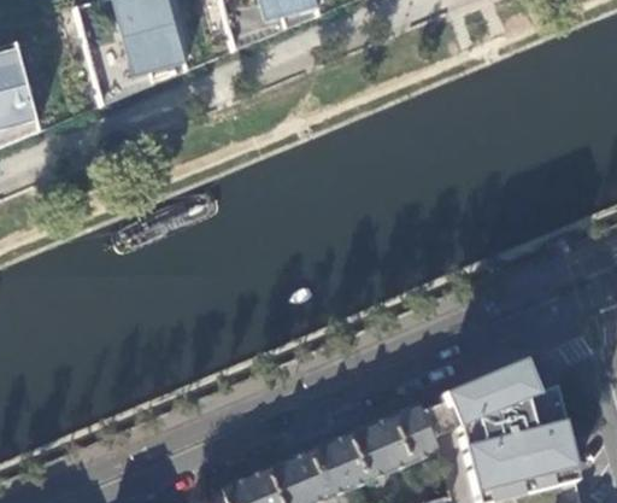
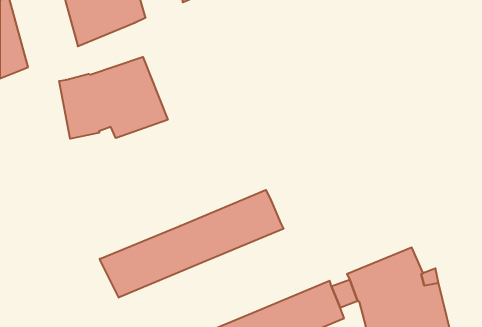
building: none -> [59,57,168,139]
building: none -> [100,190,284,298]

